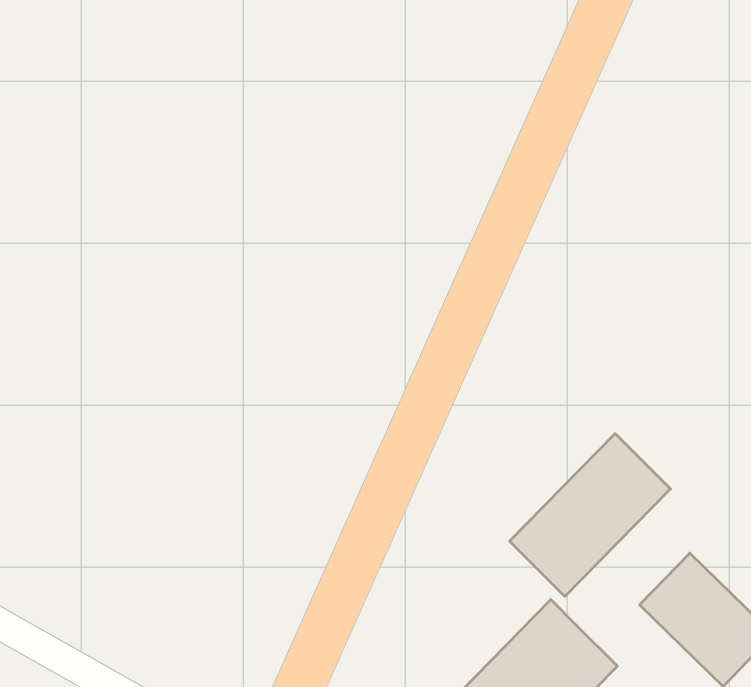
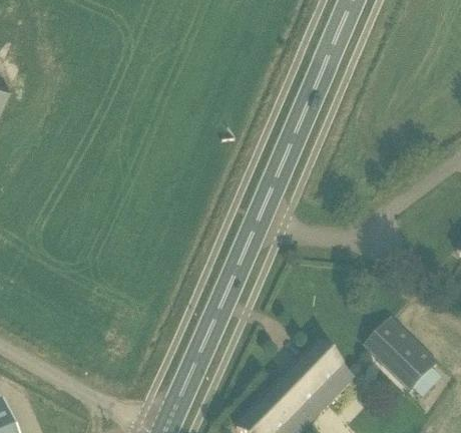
building: [510,434,671,596] -> none

